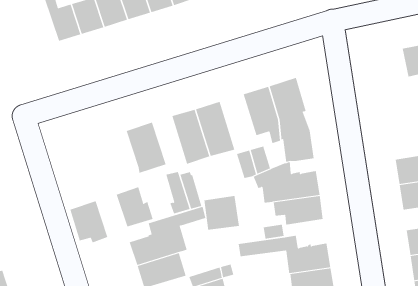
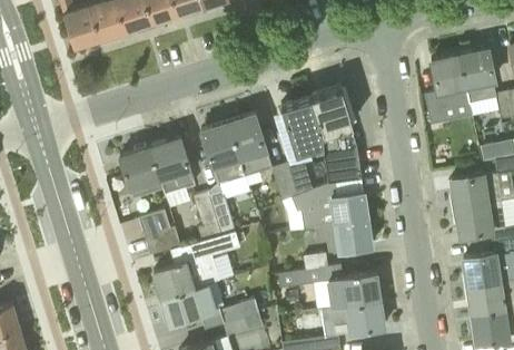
building: none -> [424,56,468,124]
building: [204,195,240,231] -> none
building: [69,200,108,243] -> [119,148,162,196]

